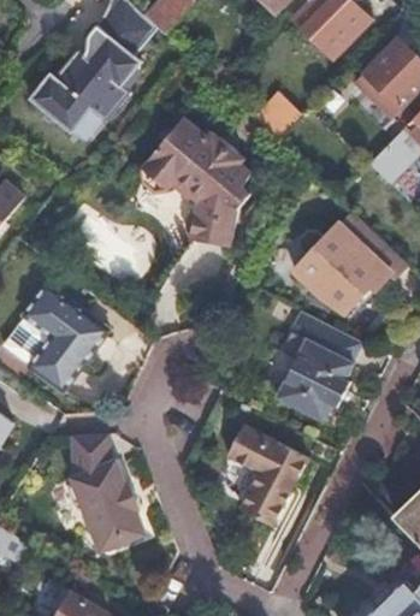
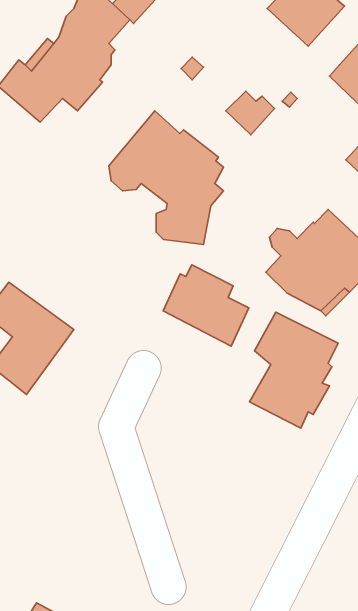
building: none -> [163,265,249,346]
building: [229,427,308,528] -> none
building: [67,433,144,551] -> none

